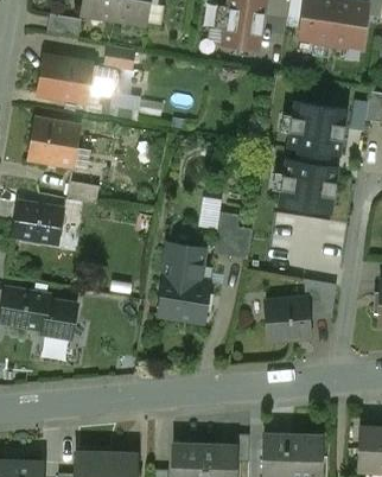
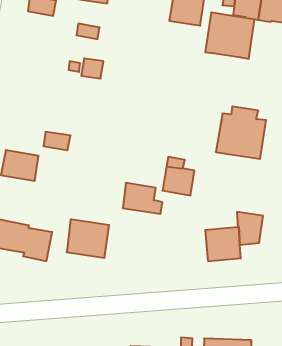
building: [39,57,90,102] -> none
building: [287,101,348,158] -> [205,13,255,59]
building: [27,120,79,166] -> none
building: [158,275,210,323] -> [67,219,109,258]

